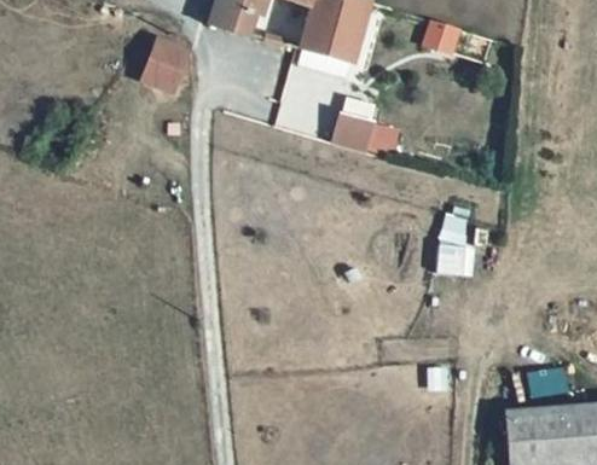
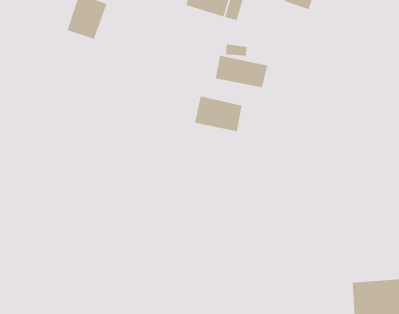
building: none -> [194,96,242,132]
building: [440,216,468,274] -> none

